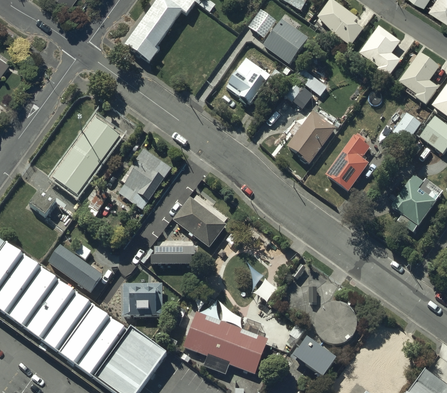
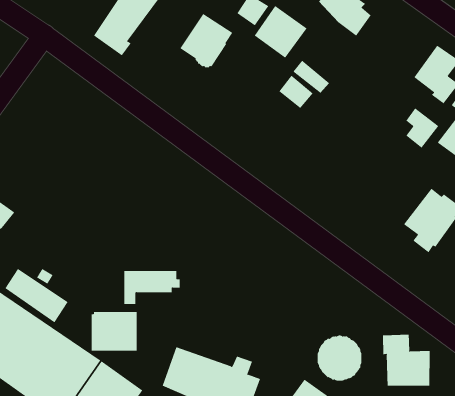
building: [359,26,400,78] -> none
building: [225,58,271,105] -> [180,13,233,68]
building: [54,112,119,191] -> none
building: [286,112,335,165] -> none
building: [325,133,370,193] -> none
building: [118,149,172,211] -> none
building: [172,198,226,248] -> none
building: none -> [383,334,430,387]

